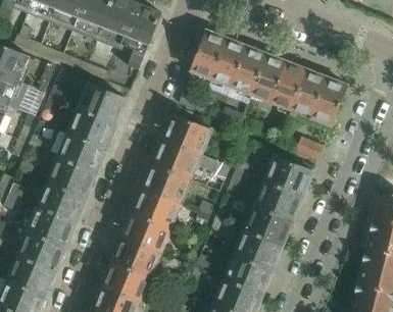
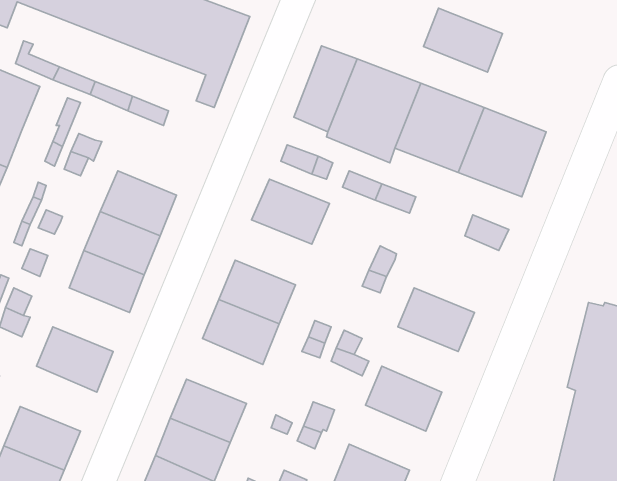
building: none -> [424,8,502,72]
building: [78,84,126,124] -> none
building: [151,140,199,180] -> none
building: [263,156,312,198] -> none
building: [37,183,85,222] -> none
building: [243,207,291,248] -> none
building: [120,214,168,255] -> none
building: [16,231,64,272] -> none
building: [223,256,271,297] -> none

